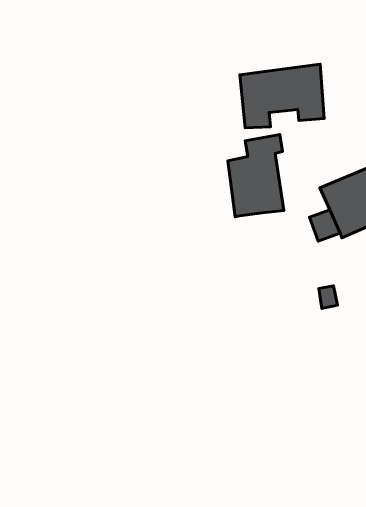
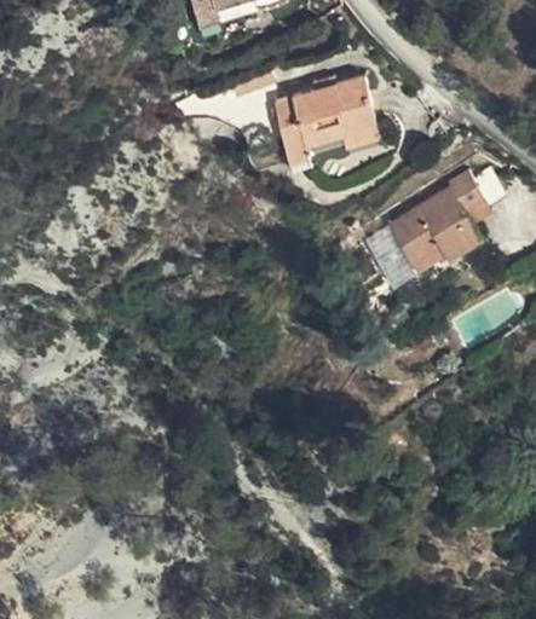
building: [228,135,284,217] -> none

